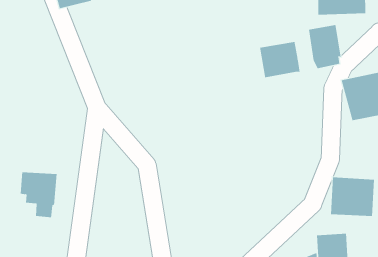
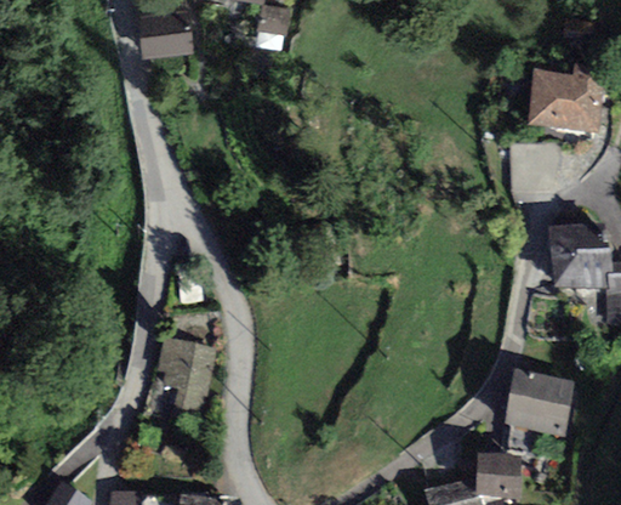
building: [260,41,300,78] -> none
building: [20,172,58,218] -> [156,339,217,414]

